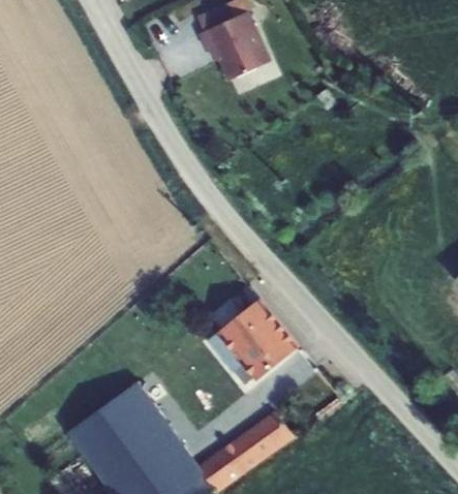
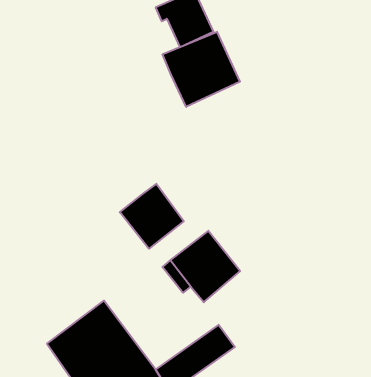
building: none -> [163,32,240,107]
building: none -> [120,184,184,249]

